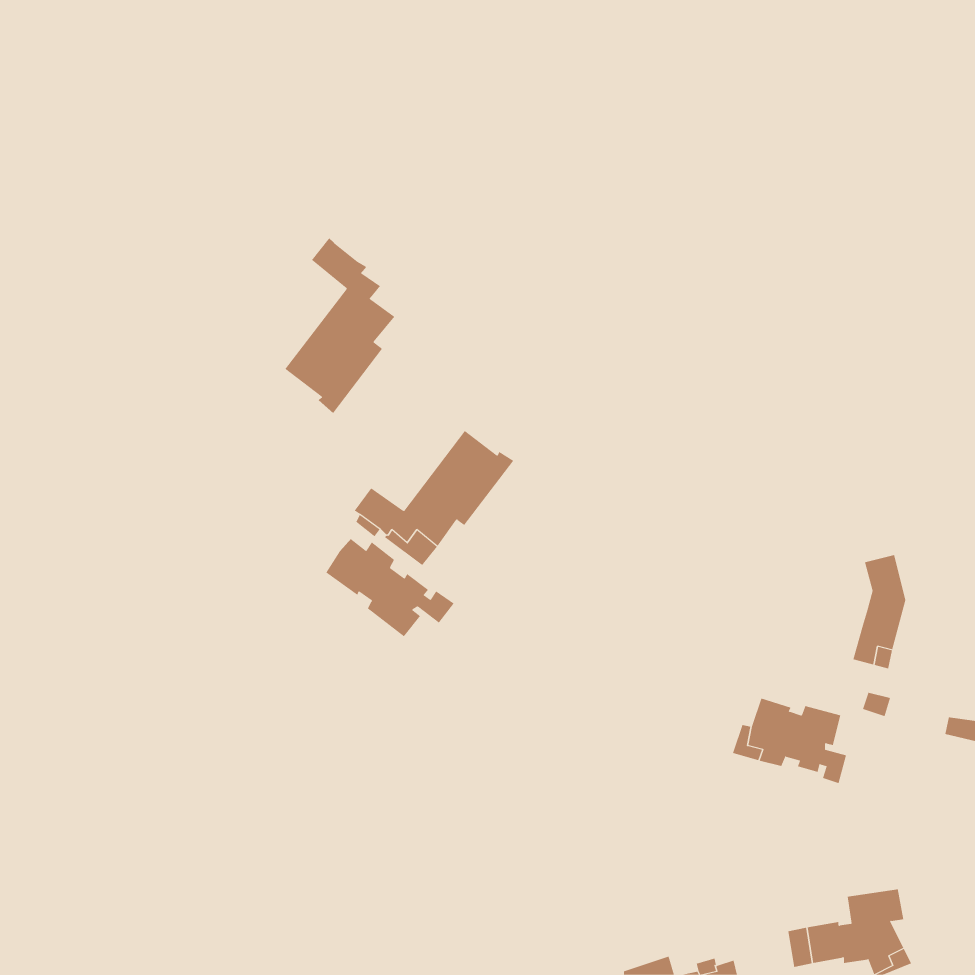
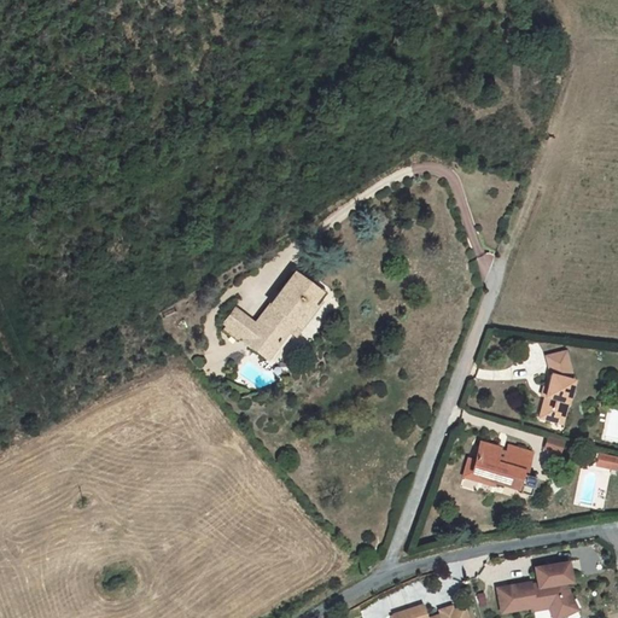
building: [284,238,395,414] -> none
building: [325,538,454,637] -> none

